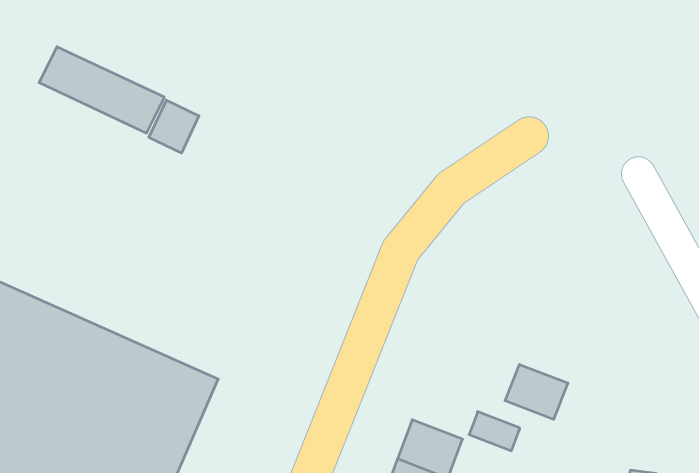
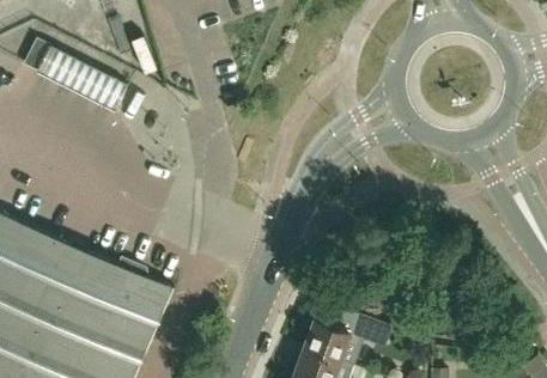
building: [149,100,199,153] -> none
building: [505,364,568,419] -> none

